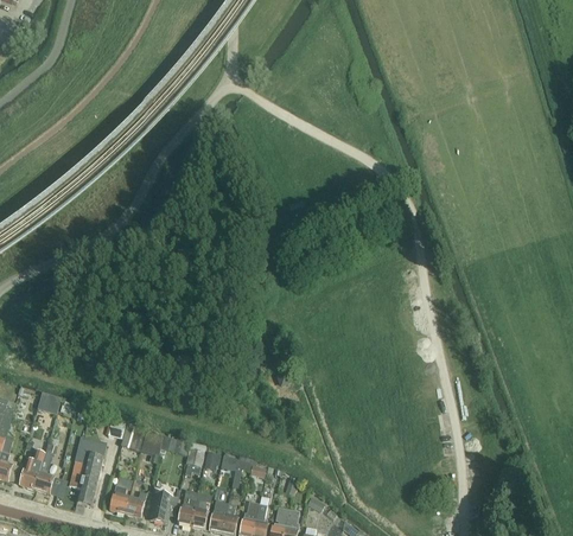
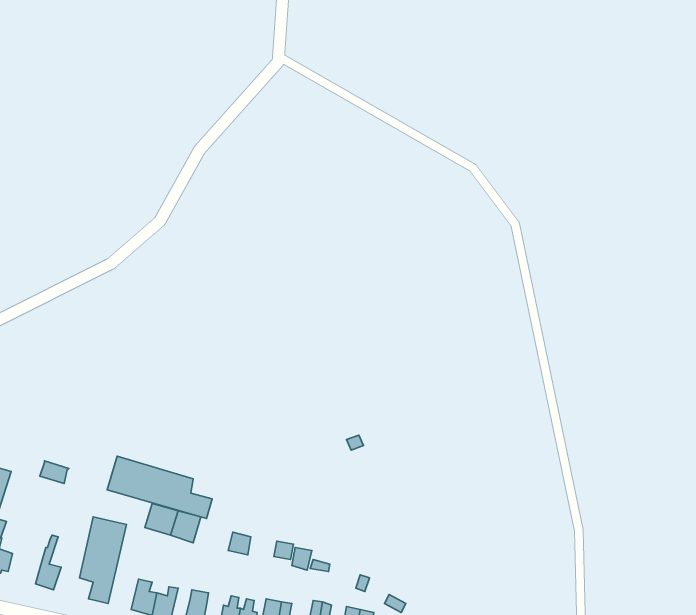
building: none -> [107,456,212,519]
building: [19,448,46,487] -> none

